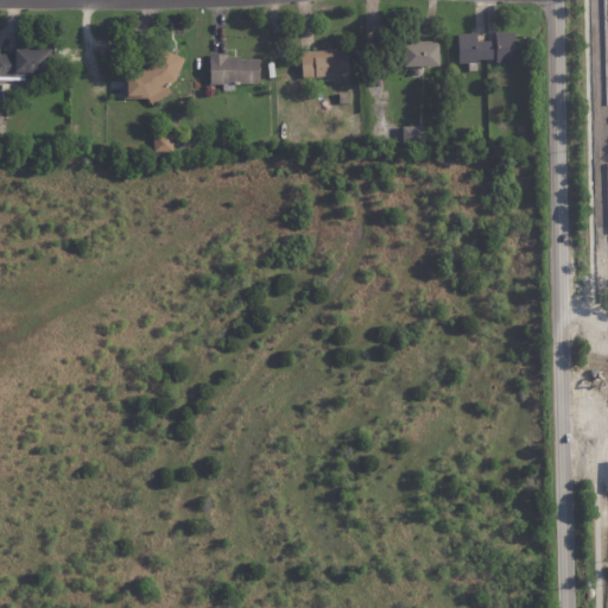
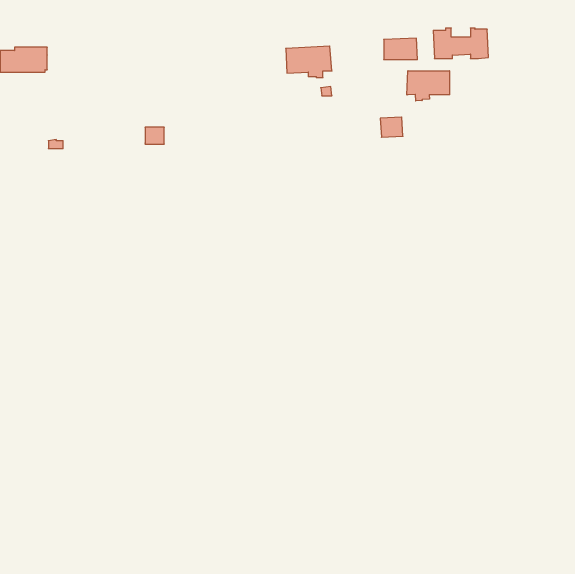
building: [125,51,185,104] -> none
building: [210,53,260,90] -> none
building: none -> [407,71,450,101]

